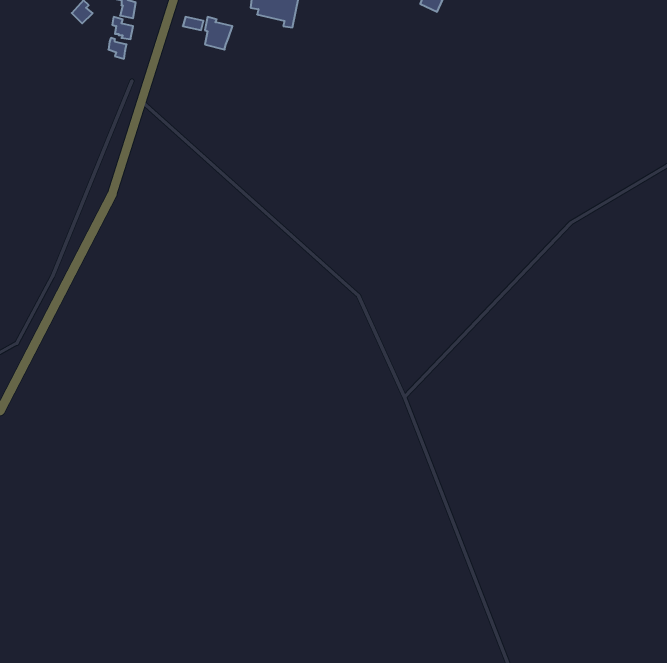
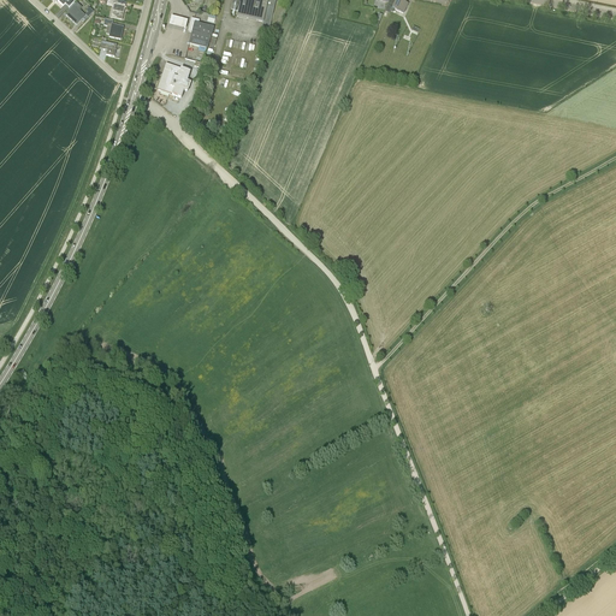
building: none -> [158,61,190,95]

